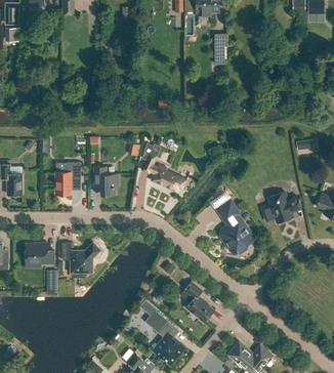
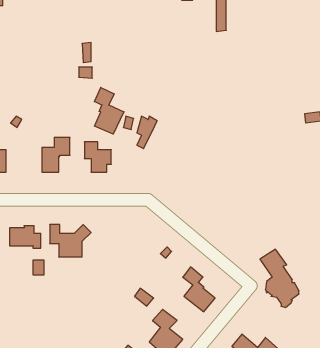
building: none -> [94,87,124,134]
building: [152,165,186,192] -> none
building: [262,192,301,222] -> none
building: [216,199,252,252] -> [260,249,299,307]

